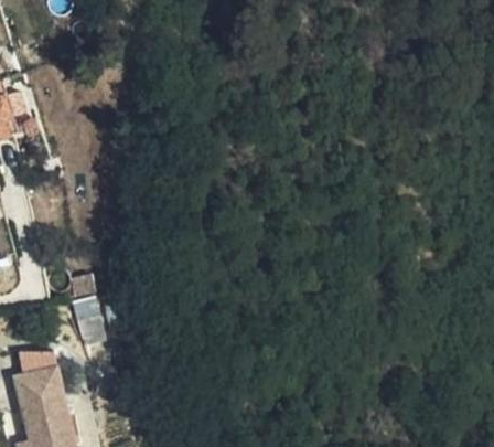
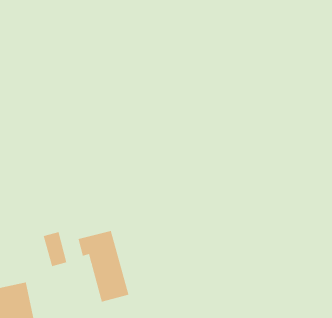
building: none -> [78,230,129,303]

